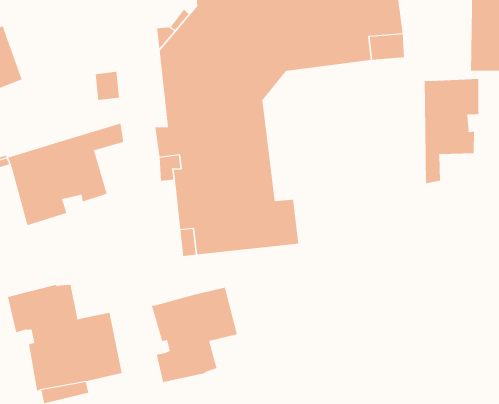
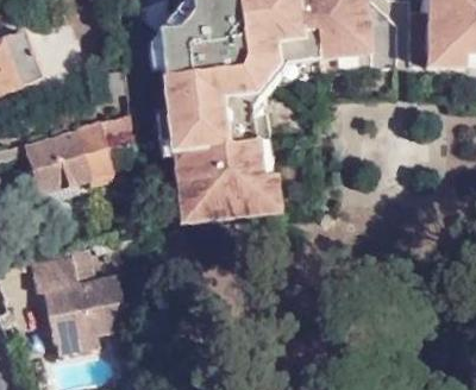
building: [424,78,479,184] -> none
building: [151,287,237,383] -> none

